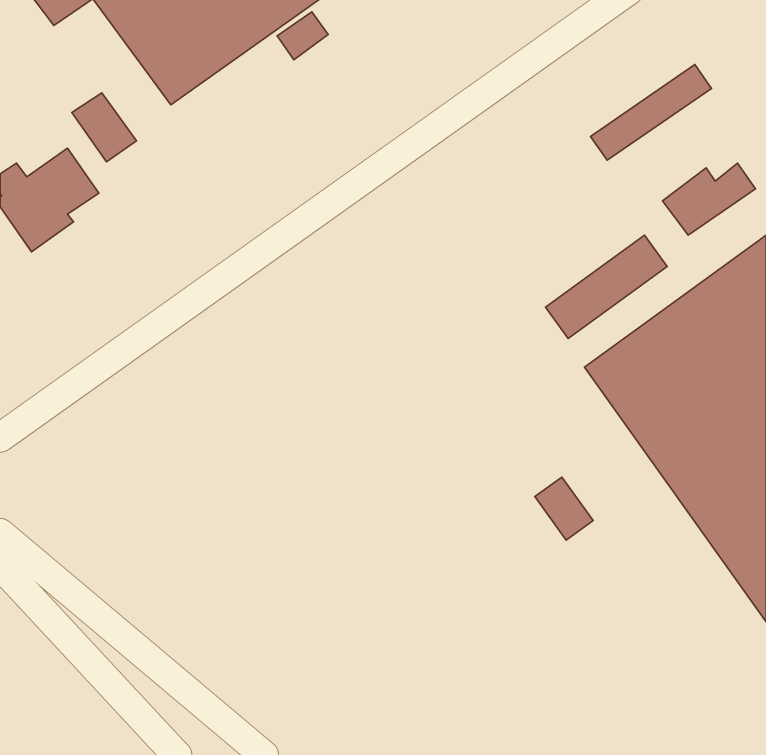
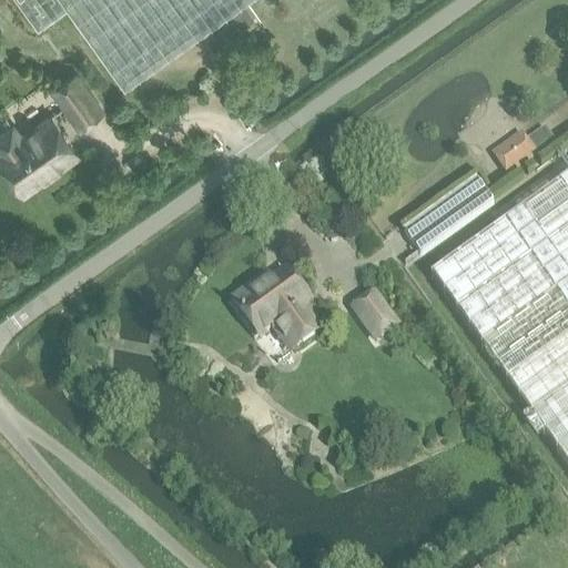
building: [590,65,712,160] -> none
building: none -> [234,266,321,347]
building: [535,477,593,540] -> [353,290,396,336]

